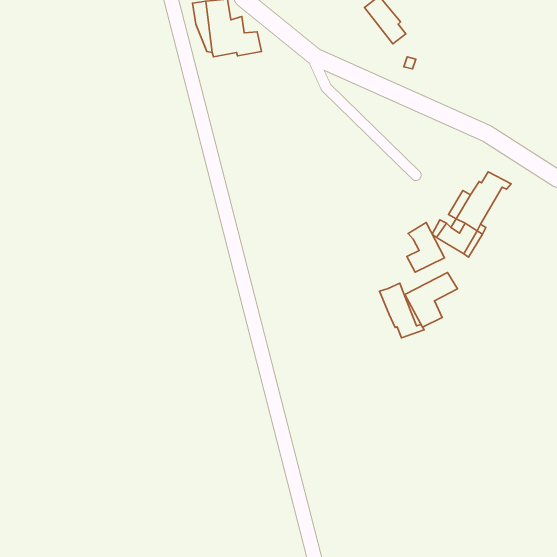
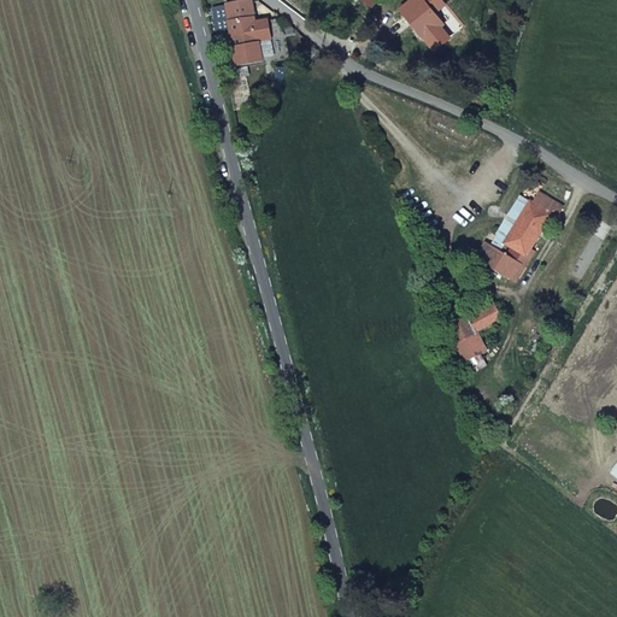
building: [407,223,444,272] -> none
building: [380,283,424,338] -> none

